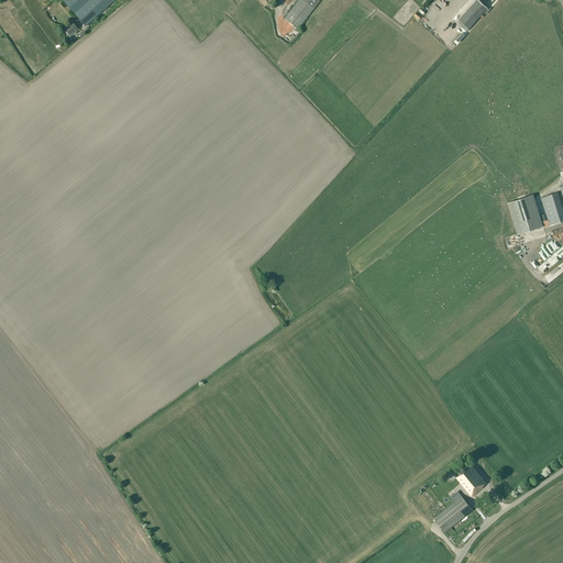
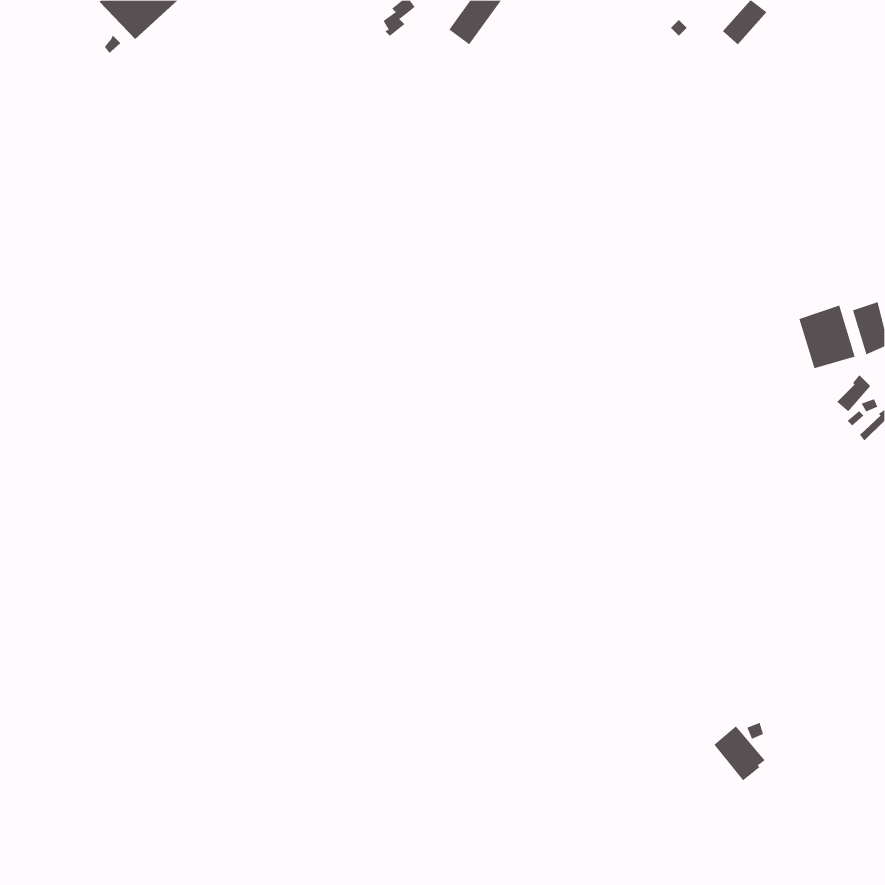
building: [434,489,473,532] -> none

